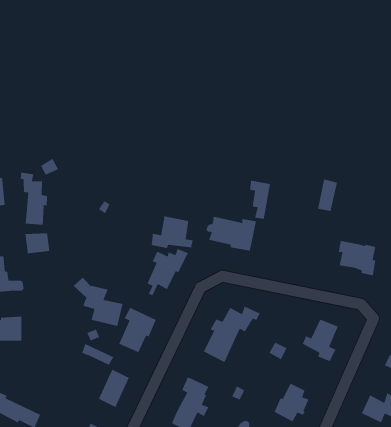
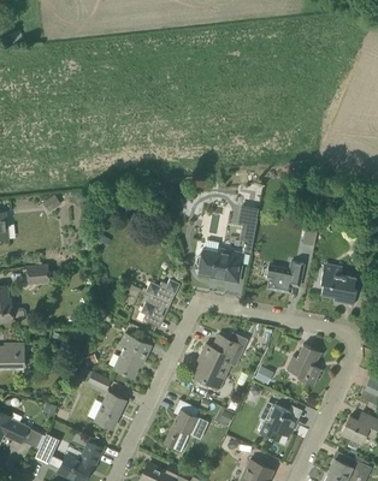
building: [20,172,48,225] -> none
building: [151,215,194,249] -> none
building: none -> [266,262,303,293]
building: [73,277,124,327] -> none

